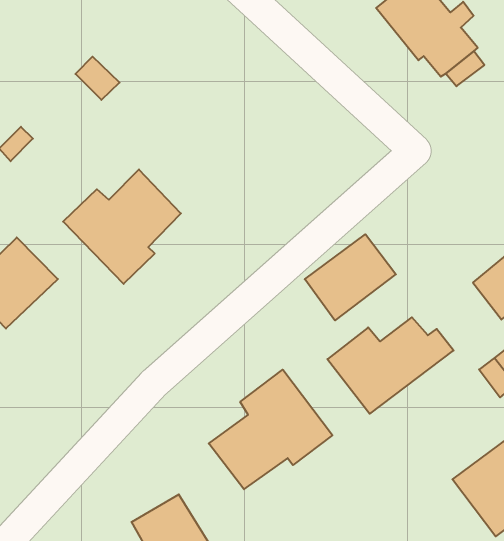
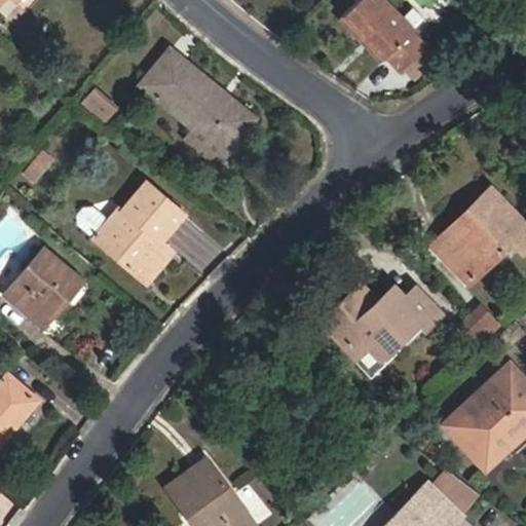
building: none -> [139,48,255,154]
building: [305,234,396,320] -> none
building: [209,370,332,489] -> none

